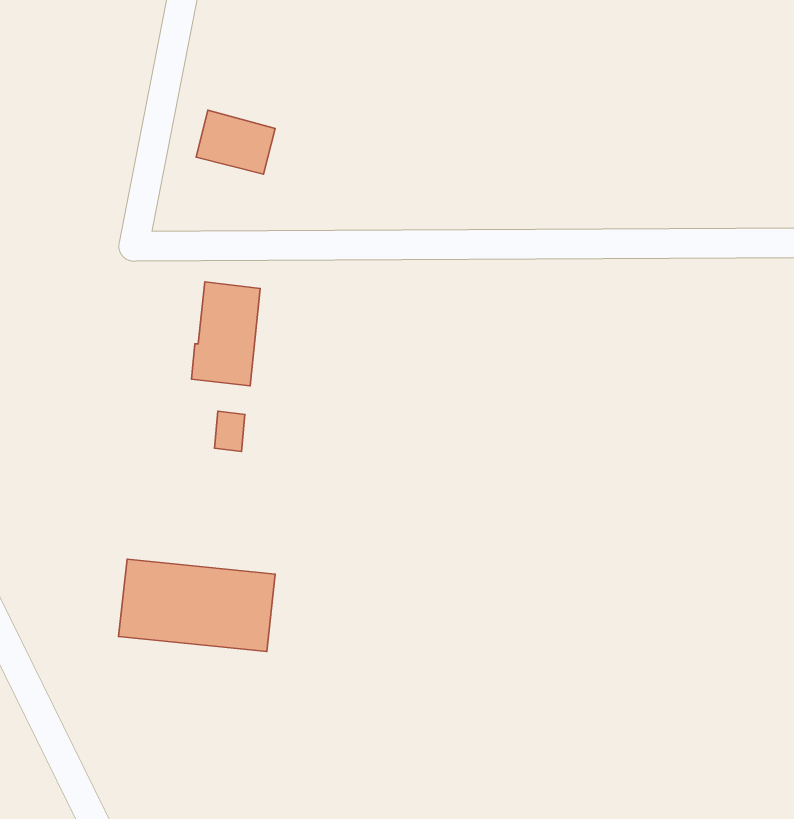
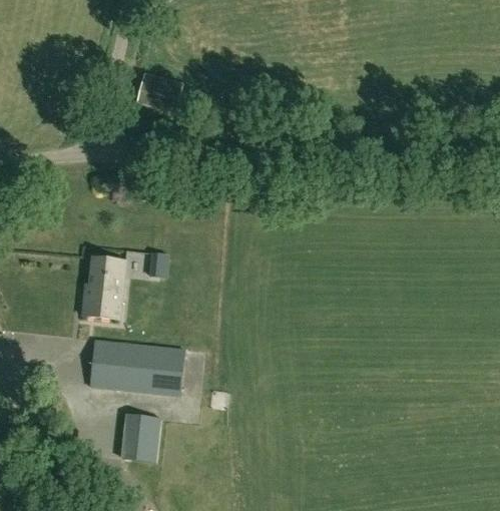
building: [191,282,260,386] -> [82,257,123,319]
building: none -> [120,413,161,462]

